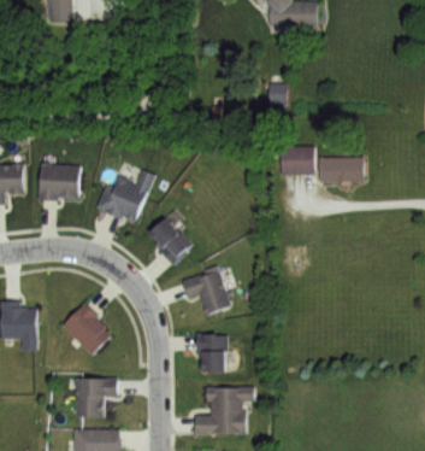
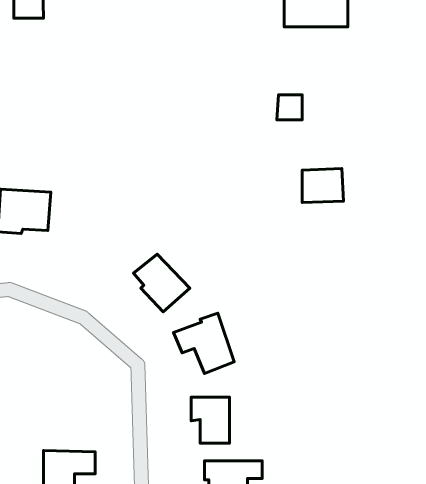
building: [323,160,366,182] -> none
building: [98,169,157,222] -> none
building: [60,303,110,357] -> none

